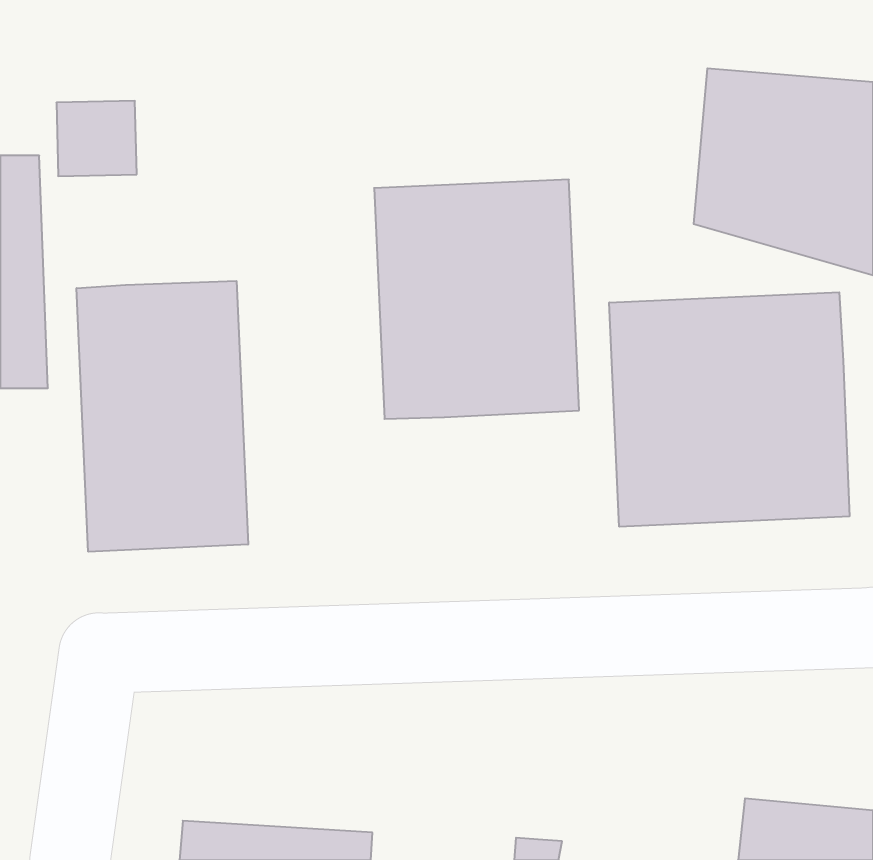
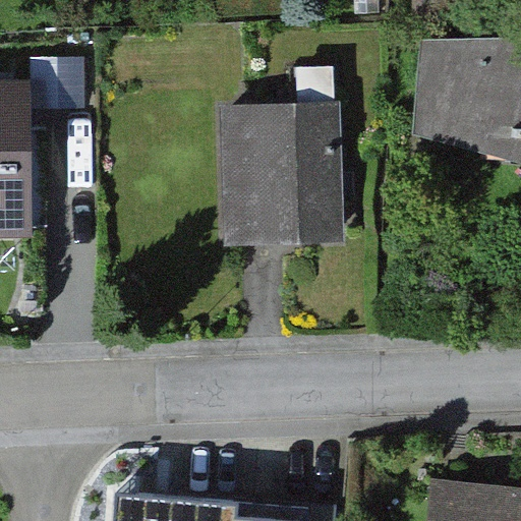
building: [77,281,248,552] -> none
building: [609,292,849,527] -> none

